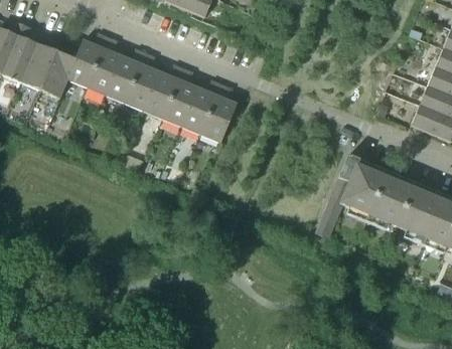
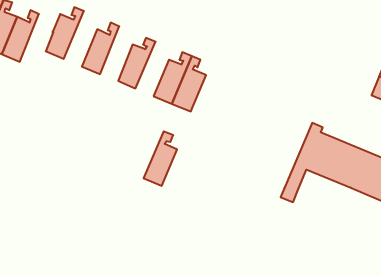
building: [87,36,122,95] -> none
building: [40,39,76,98] -> none
building: [125,52,159,110] -> none
building: [162,68,197,126] -> [144,131,177,186]

